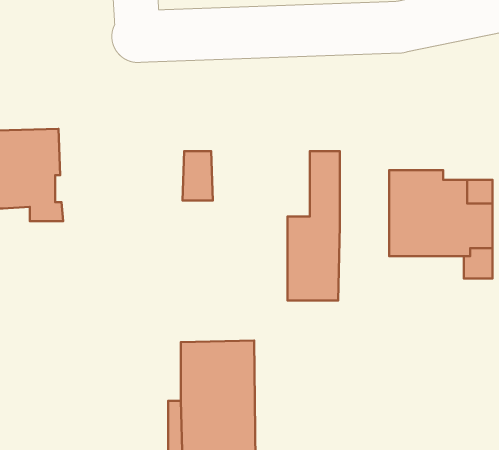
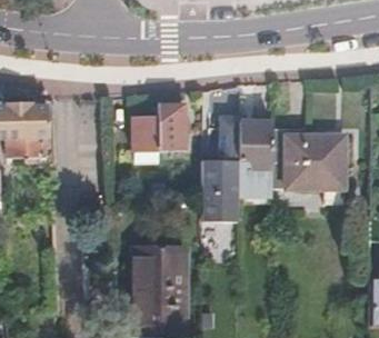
building: none -> [242,101,277,167]
building: none -> [152,103,182,150]

